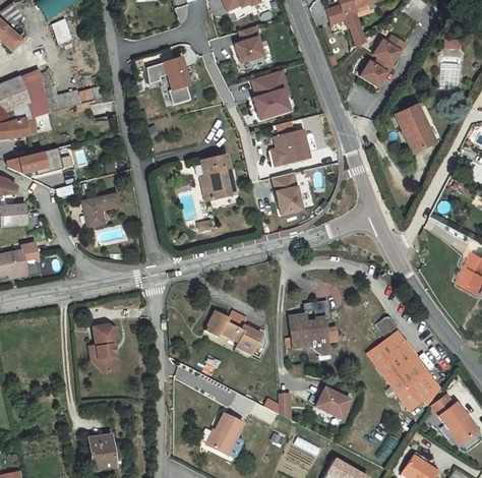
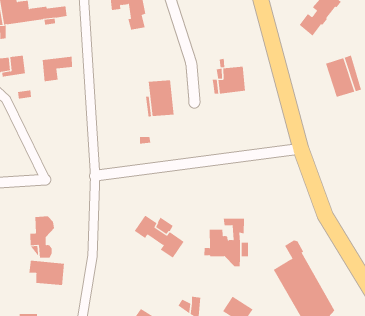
building: [251,69,289,119] -> none
building: [272,173,301,215] -> none
building: [82,193,118,226] -> [42,56,73,82]
building: none -> [29,260,64,286]

